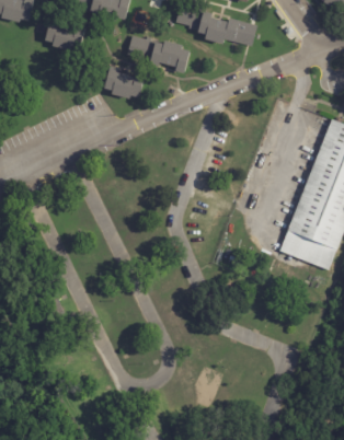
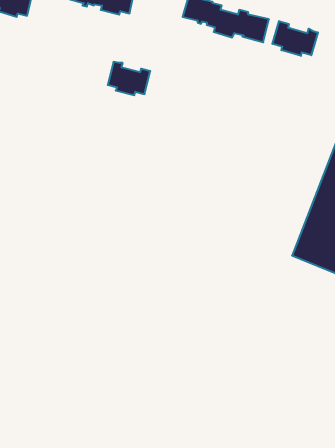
building: [45,19,85,50] -> none
building: none -> [272,21,318,56]
building: [127,36,190,73] -> none

